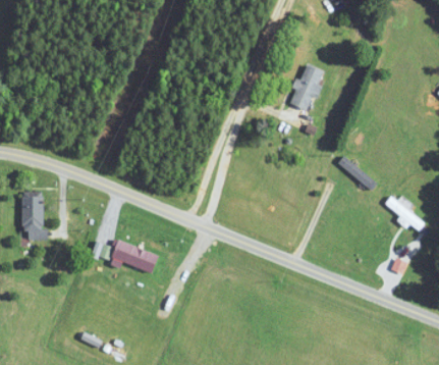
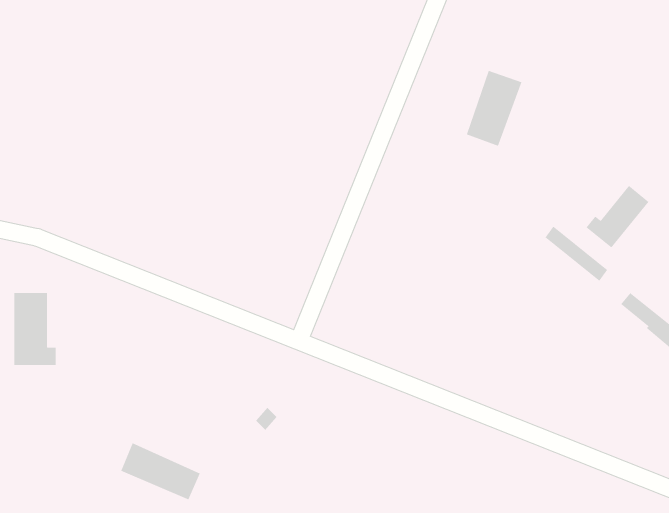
building: none -> [586,185,650,249]
building: [111,239,159,273] -> [120,442,201,500]

